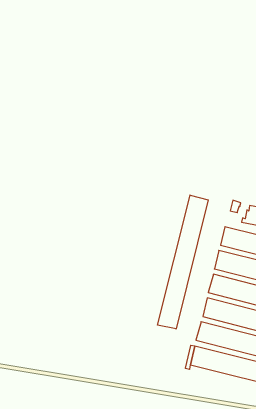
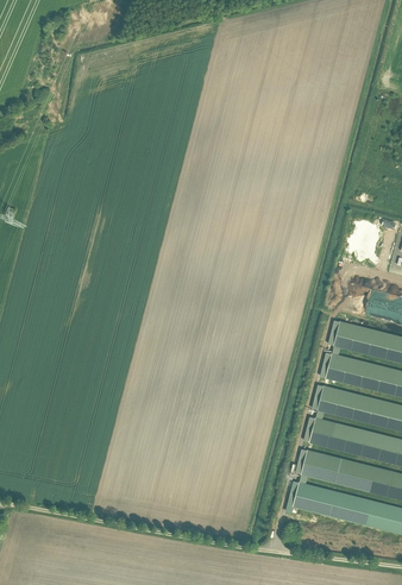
building: [158,195,208,329] -> none

